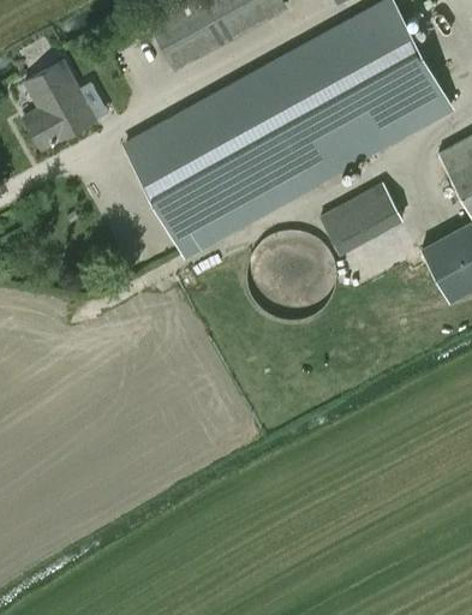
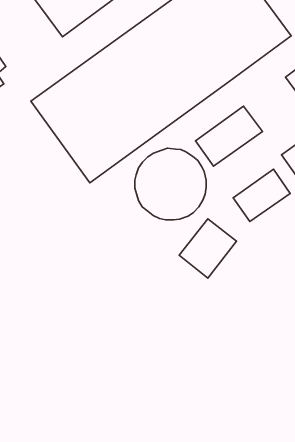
building: none -> [233,169,290,221]
building: none -> [179,219,237,278]

